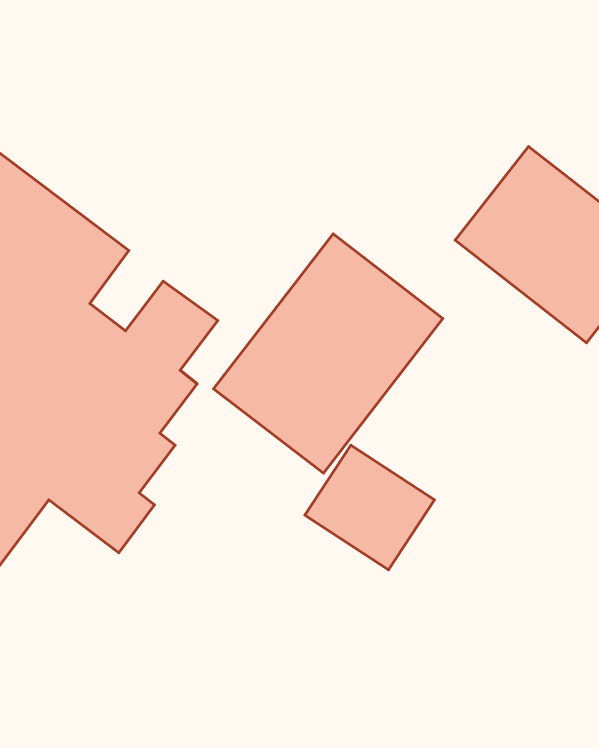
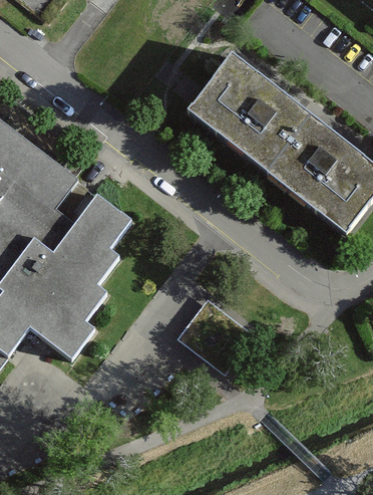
building: none -> [189,56,311,172]
building: [214,234,443,473] -> none

